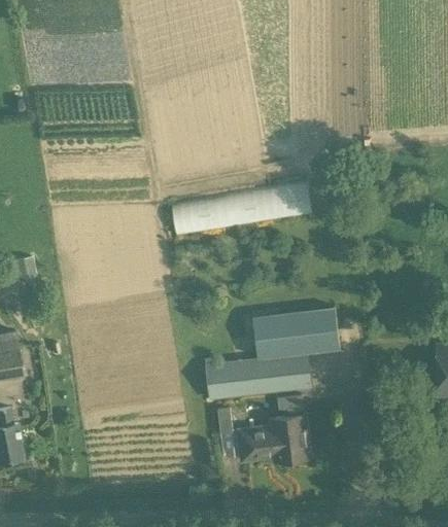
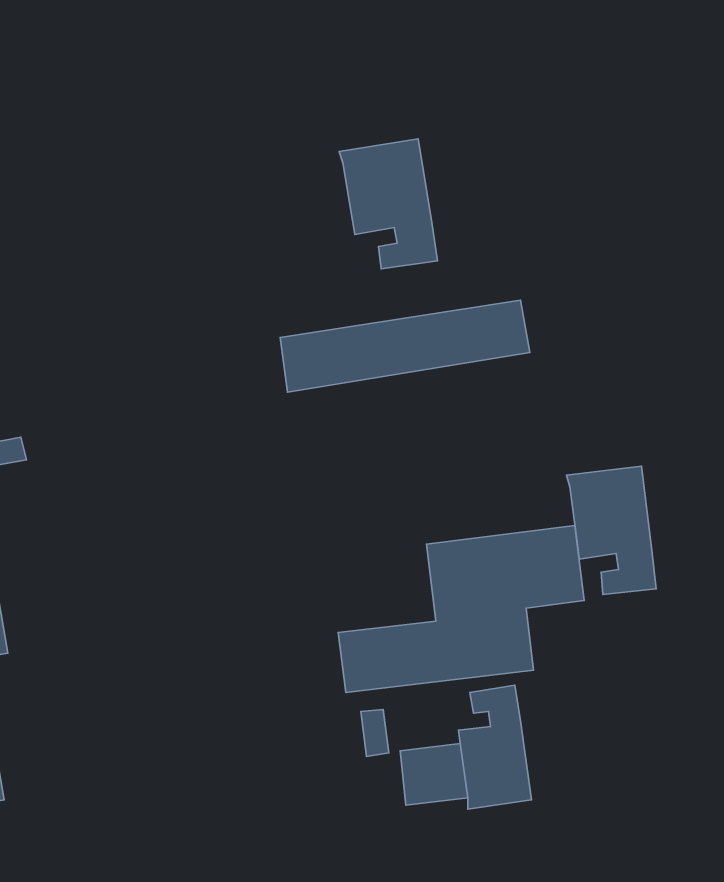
building: none -> [339,139,437,269]
building: none -> [566,466,656,594]

